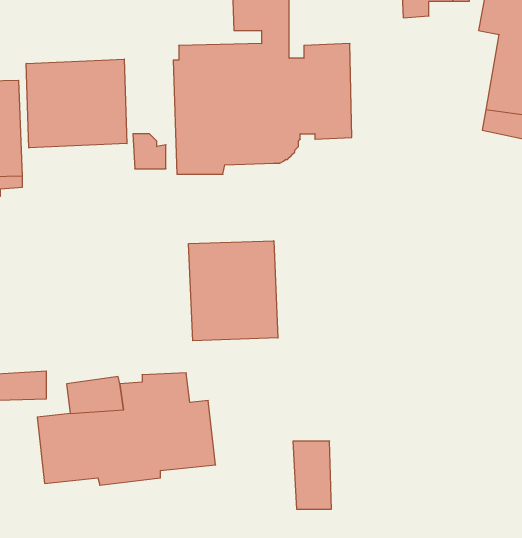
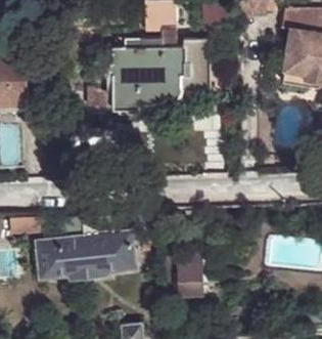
building: [26,59,127,148] -> none
building: [189,241,278,341] -> none

